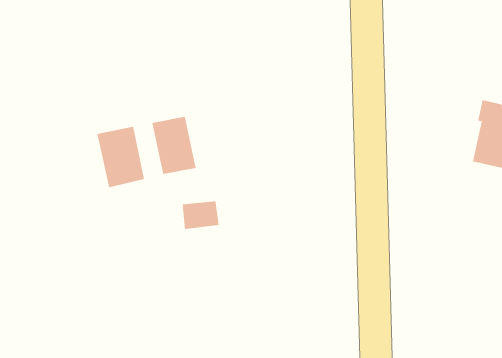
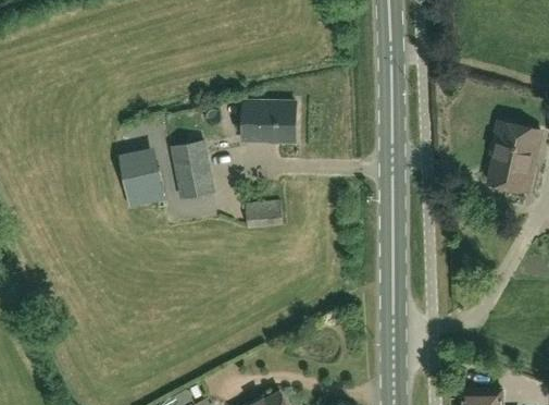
building: none -> [241,101,295,142]
building: [182,201,219,230] -> [246,200,283,229]

